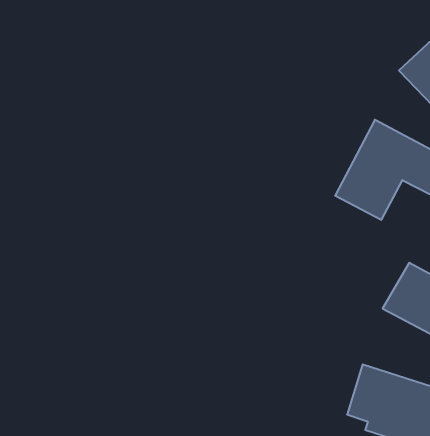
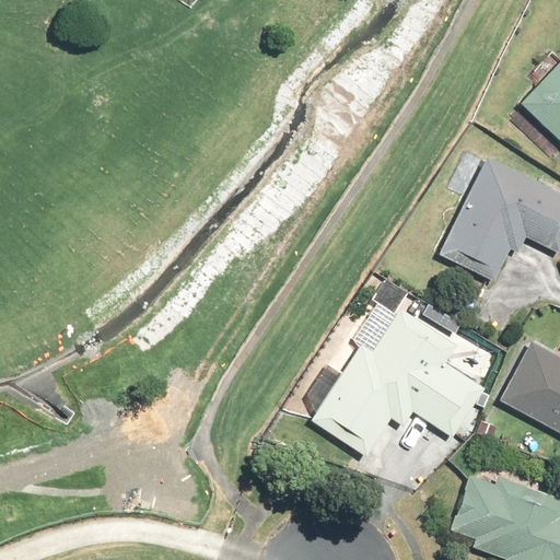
building: none -> [310,311,483,459]

